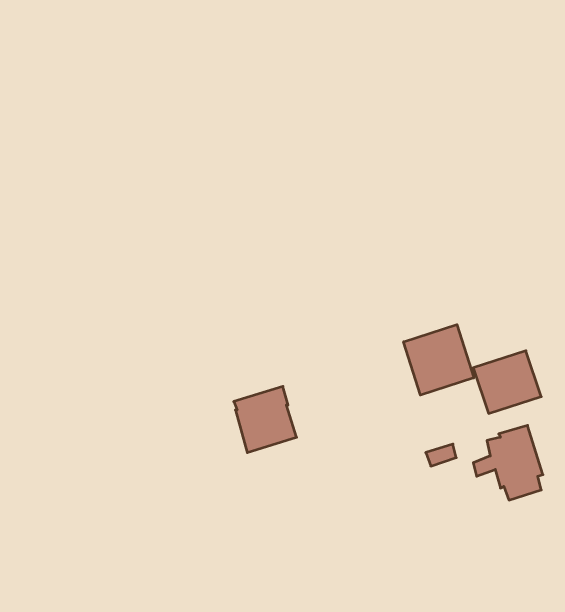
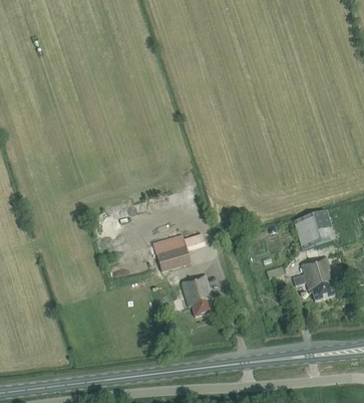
building: [404,325,474,395] -> none
building: none -> [181,273,213,316]

